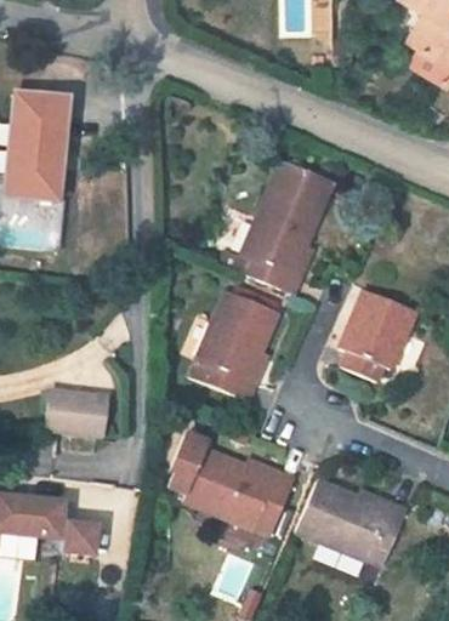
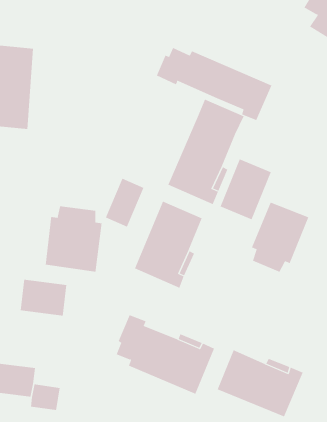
building: none -> [156,47,272,121]
building: none -> [220,158,272,220]
building: none -> [105,178,144,228]
building: none -> [45,205,102,272]

